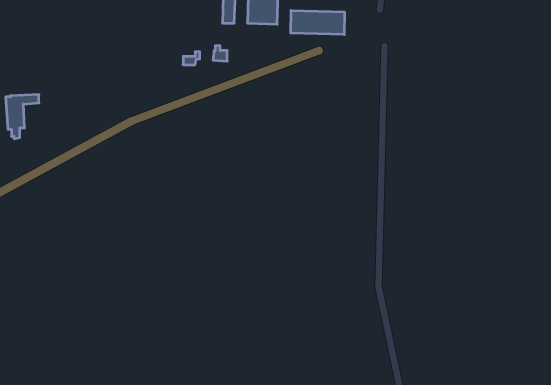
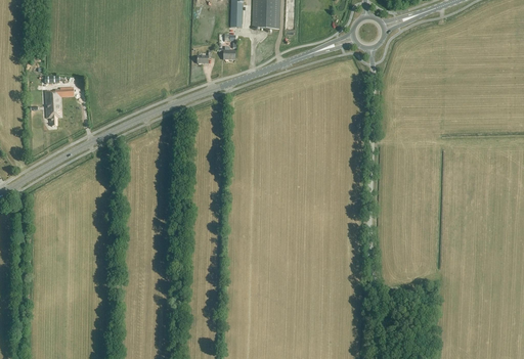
building: [291,10,344,35] -> none

